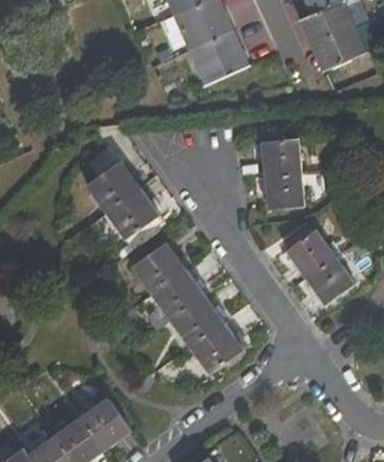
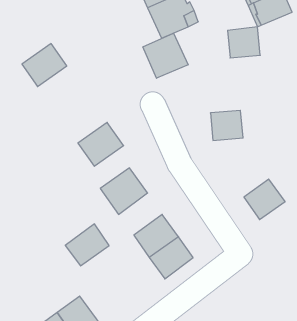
building: none -> [143,33,188,78]
building: [262,138,301,175] -> [228,27,260,58]
building: [86,160,140,212] -> [22,44,67,87]
building: [286,229,335,277] -> none
building: [154,272,207,323] -> [65,224,109,266]

